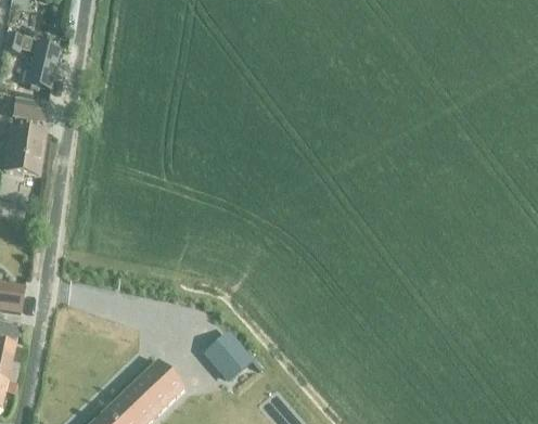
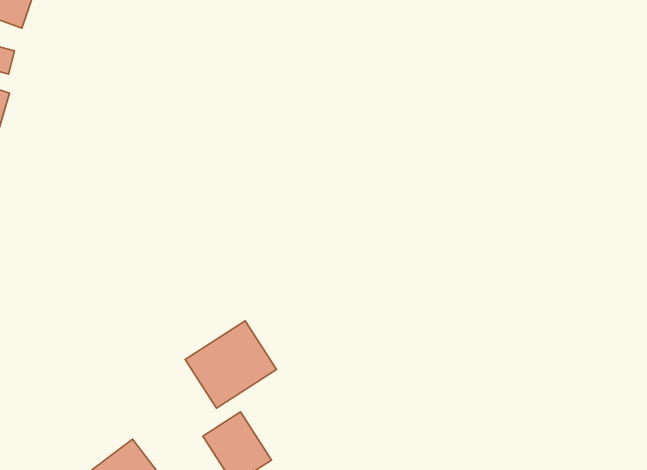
building: none -> [185,321,277,408]

